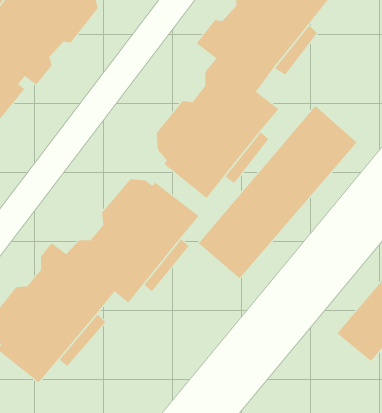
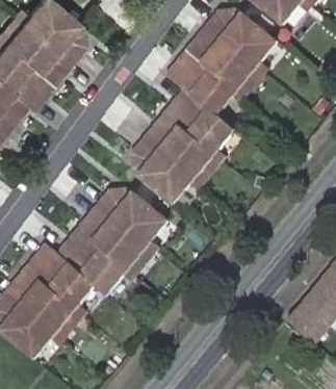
building: [198,105,357,279] -> none

